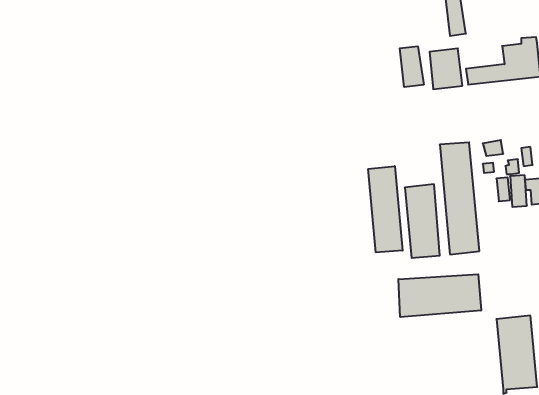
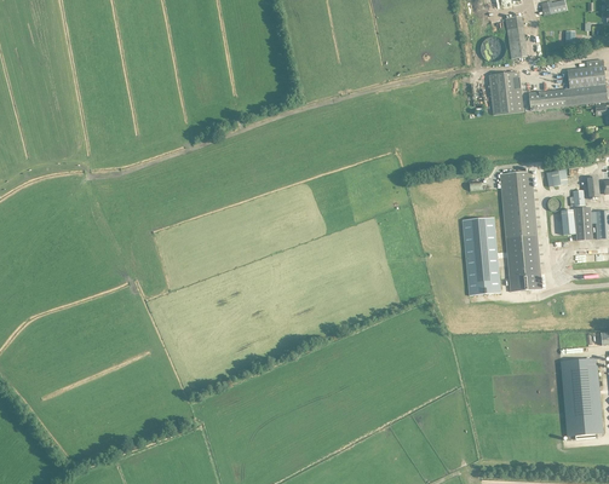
building: [400,46,424,87] -> none
building: [368,166,403,252] -> none
building: [398,274,481,317] -> none

